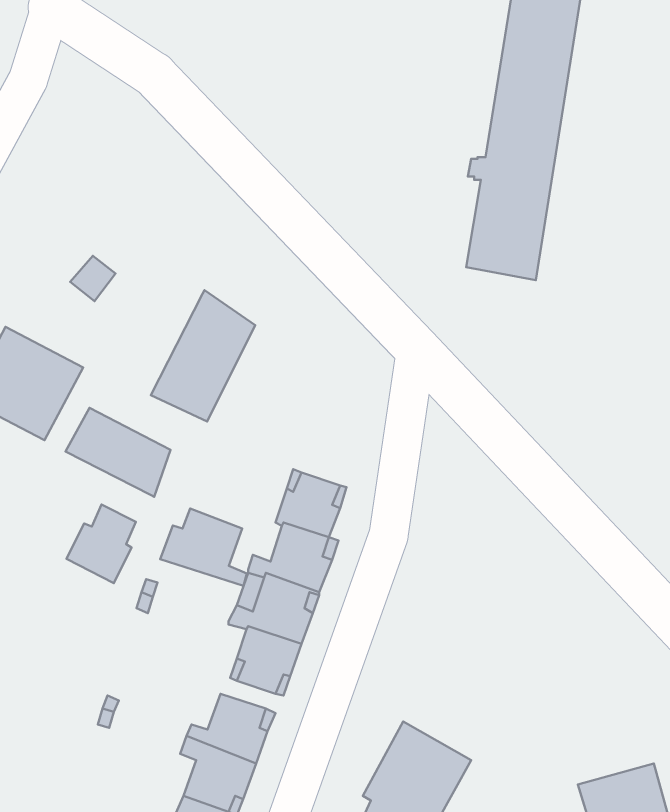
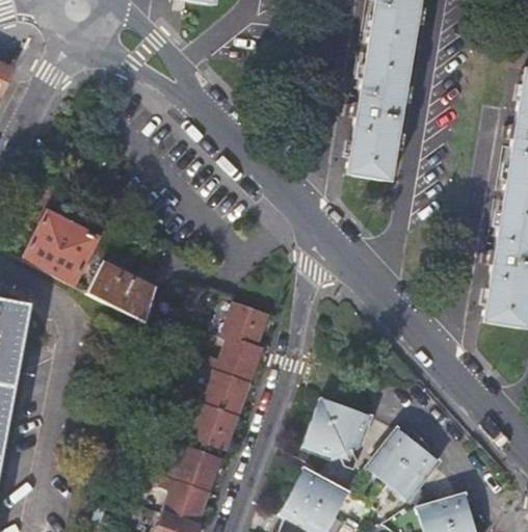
building: [151,290,255,421] -> none
building: [67,504,136,583] -> none
building: [160,509,247,586] -> none
building: none -> [302,397,372,457]
building: none -> [366,427,440,500]

